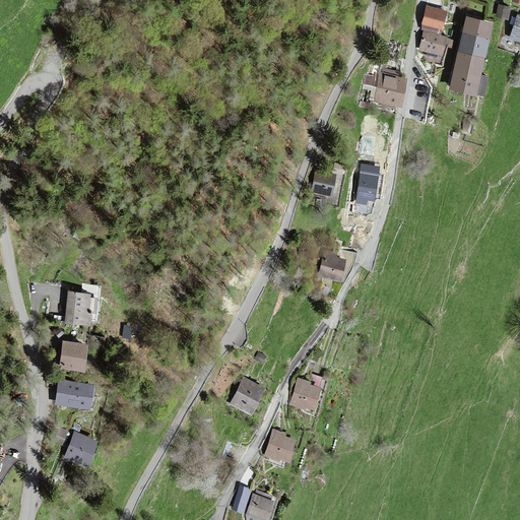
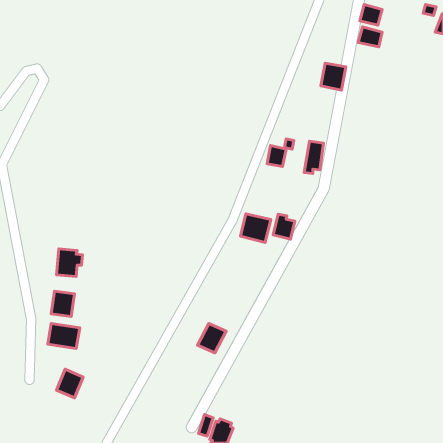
building: [449,16,494,98] -> none
building: none -> [241,214,271,243]
building: [290,379,320,408] -> none
building: [265,430,297,461] -> none

